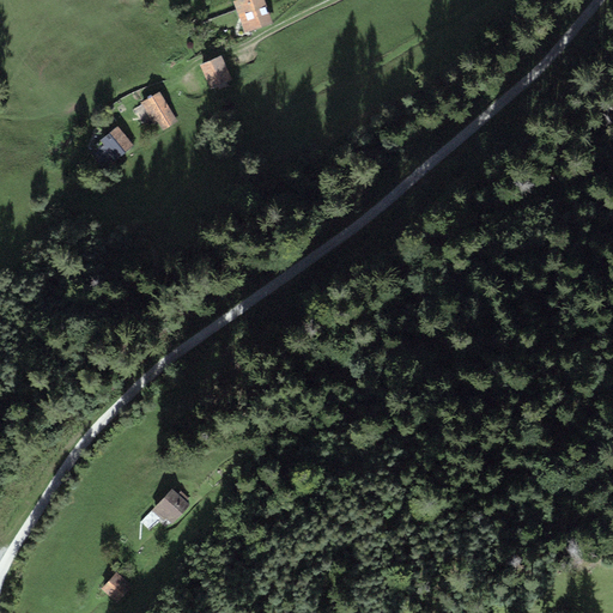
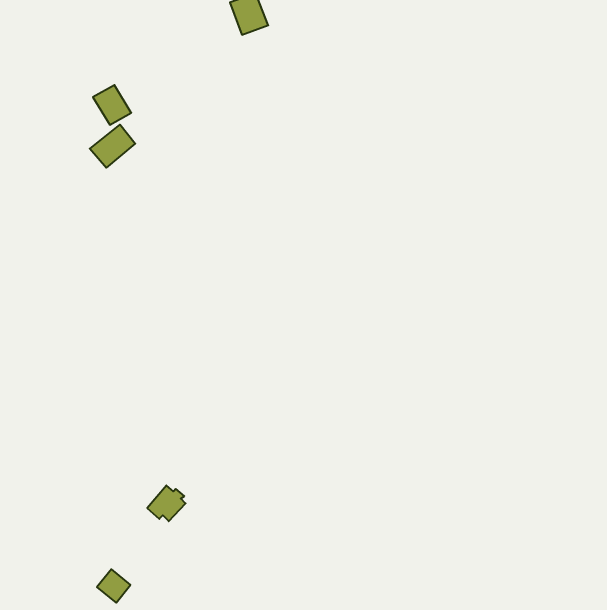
building: [200,57,230,89] -> none
building: [140,92,178,132] -> [93,85,131,125]

